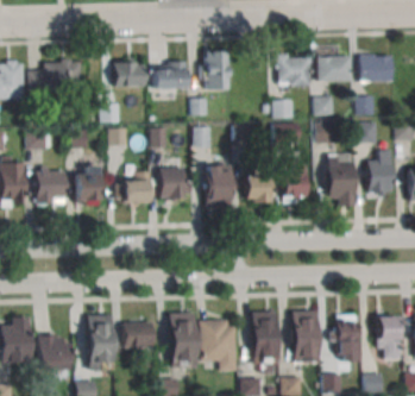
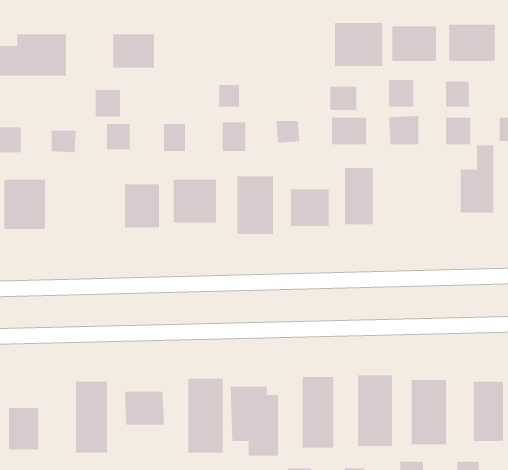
building: [206,50,228,89] -> none
building: [153,62,188,88] -> none
building: [329,153,356,206] -> none
building: [75,166,101,205] -> none

